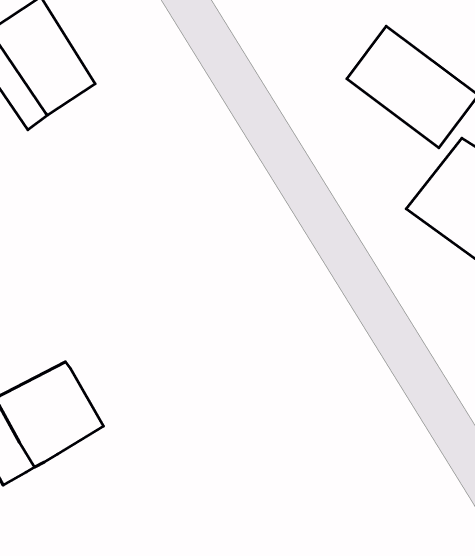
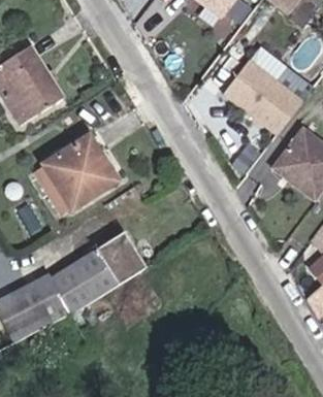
building: none -> [37,124,111,203]
building: none -> [54,234,139,309]

